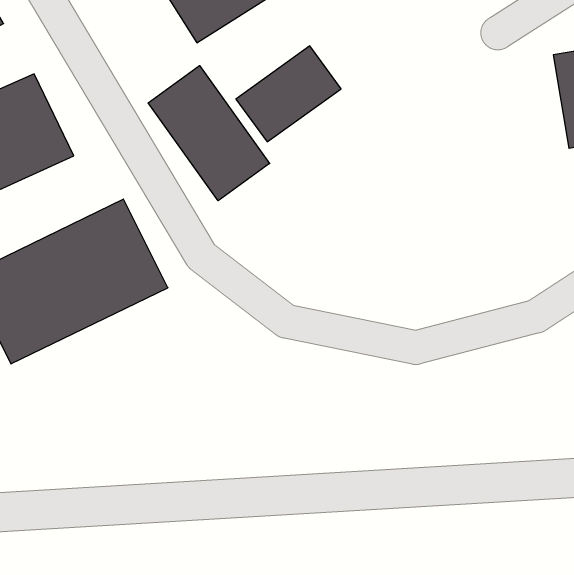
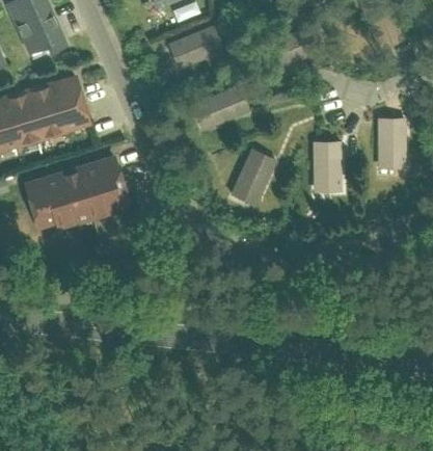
building: [148,66,270,201] -> none
building: none -> [313,141,346,193]
building: none -> [231,153,278,208]

